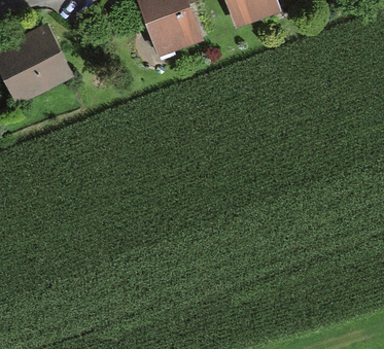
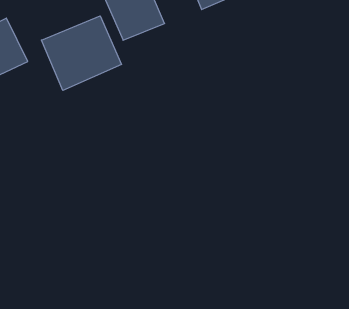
building: none -> [41,16,121,90]

